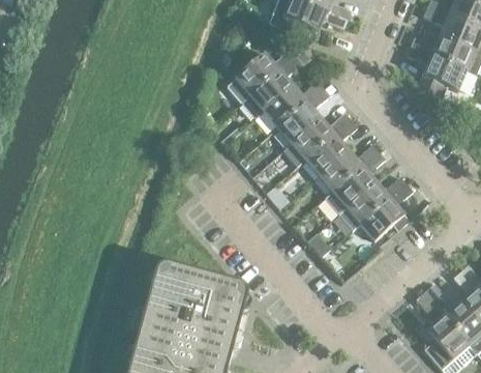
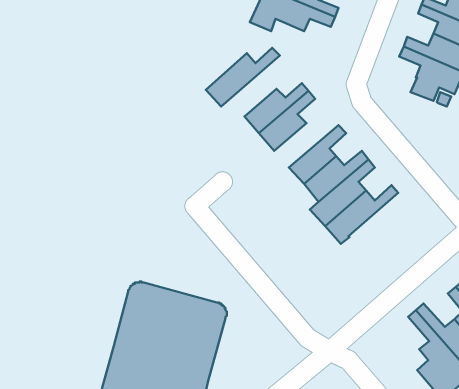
building: [241,54,302,117] -> none
building: [291,112,351,159] -> none
building: [360,182,413,239] -> none

